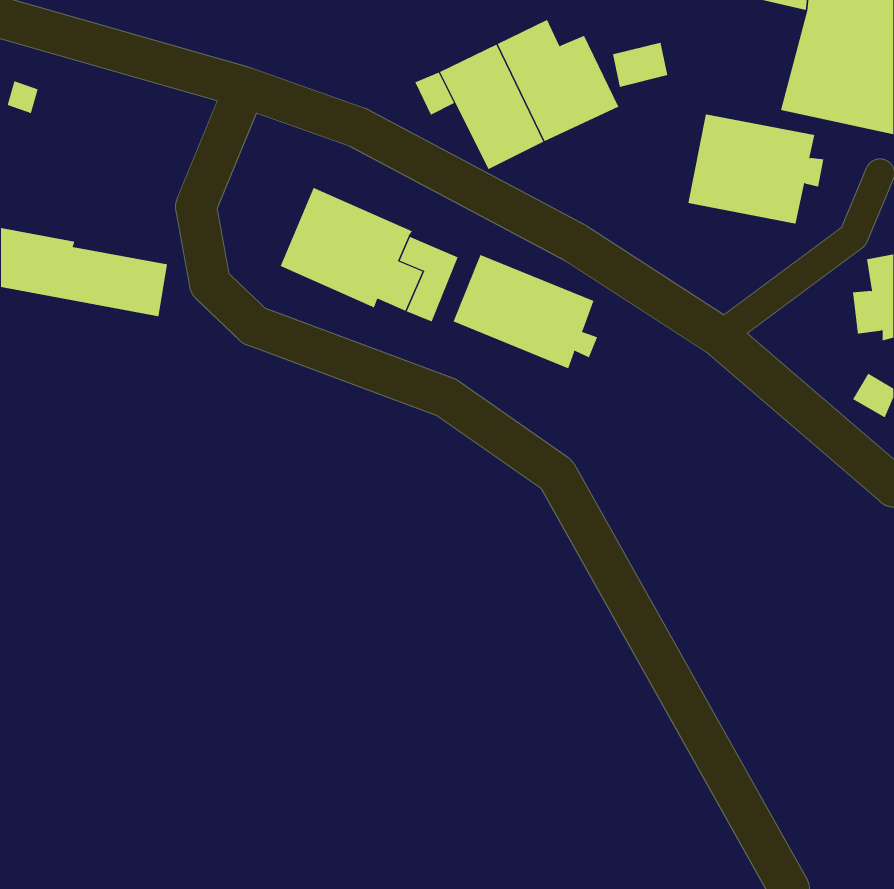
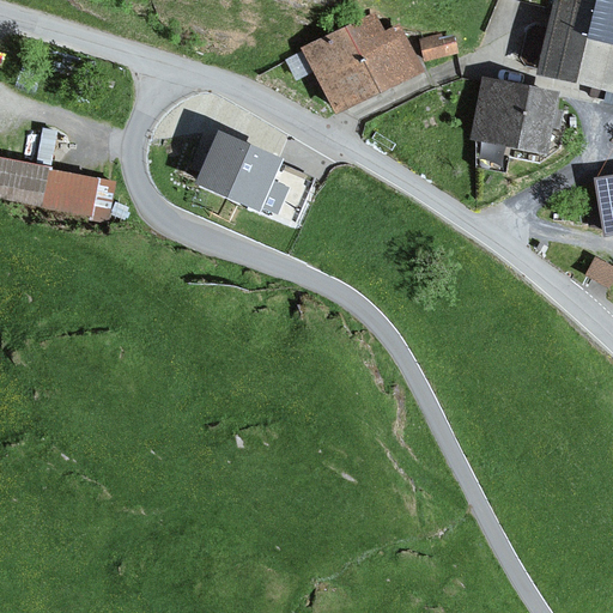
building: [453,254,598,369] -> none

